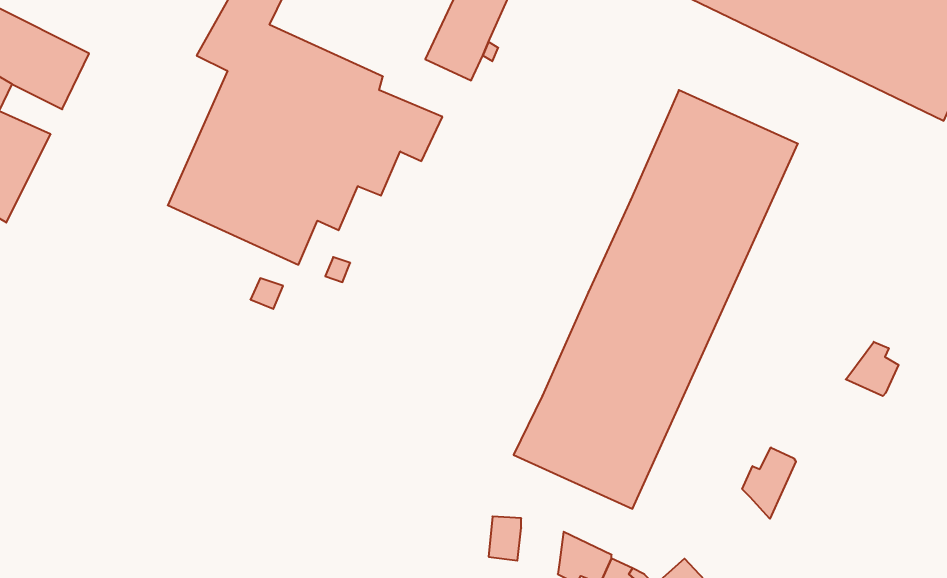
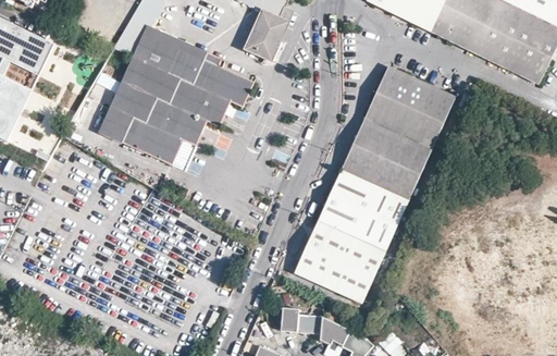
building: [846,342,899,396] -> none
building: [742,447,796,519] -> none
building: none -> [296,314,322,333]

